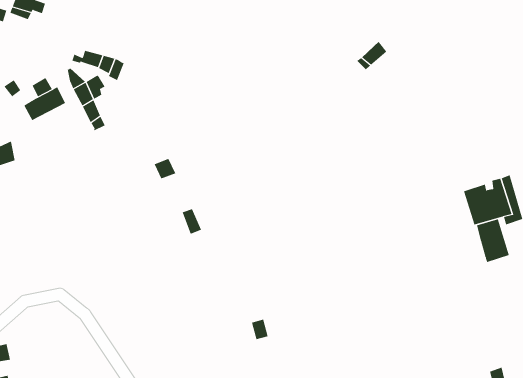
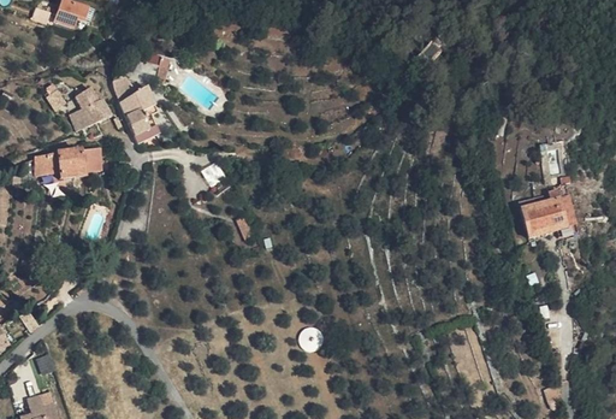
building: none -> [55,148,101,176]
building: [476,218,510,263] -> none

